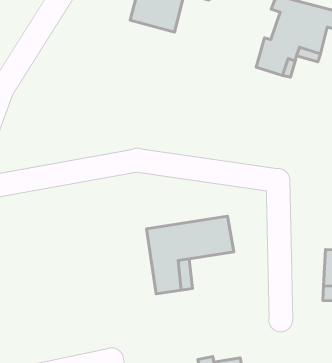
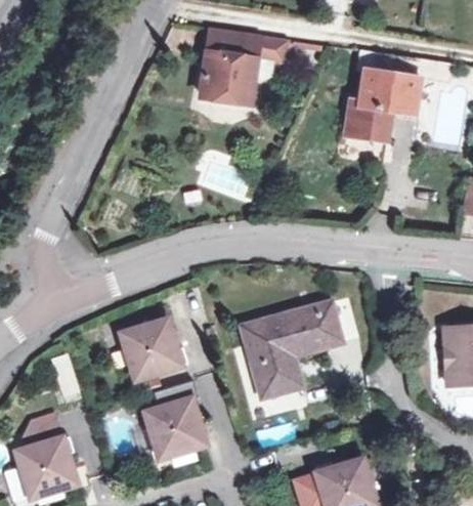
building: none -> [121,321,186,380]
building: none -> [145,381,204,459]

